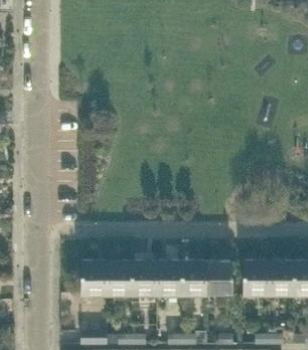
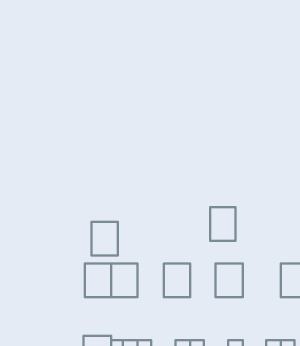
building: [132,261,157,294] -> [91,222,118,255]
building: [182,261,206,294] -> [210,207,235,241]
building: [244,261,269,294] -> none

